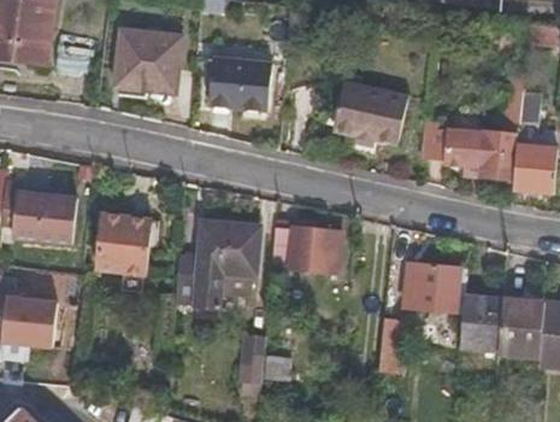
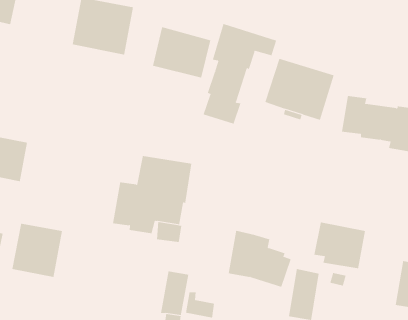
building: none -> [203,23,277,124]
building: [100,204,154,262] -> [12,223,63,278]
building: [272,213,342,274] -> [228,230,291,287]
building: [459,297,503,351] -> none

